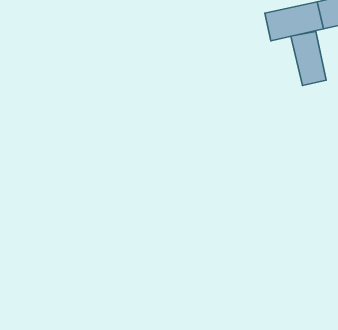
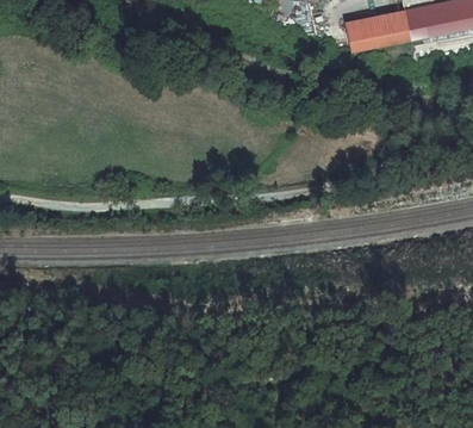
building: [291,31,326,85] -> none

